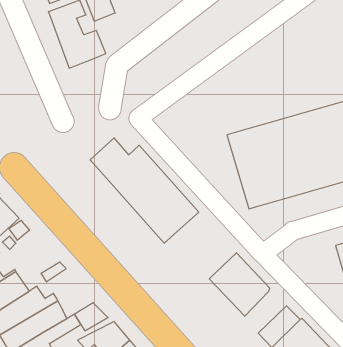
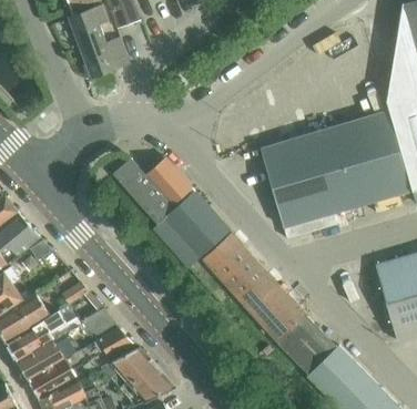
building: none -> [203,234,269,301]
building: none -> [79,308,115,340]
building: none -> [277,314,323,359]

